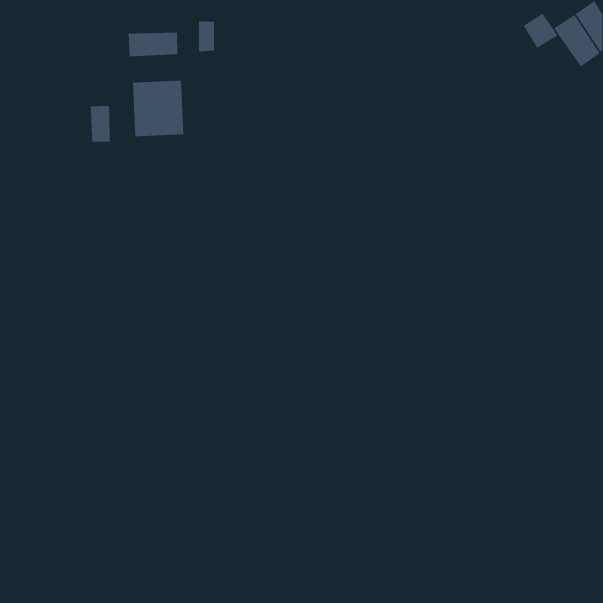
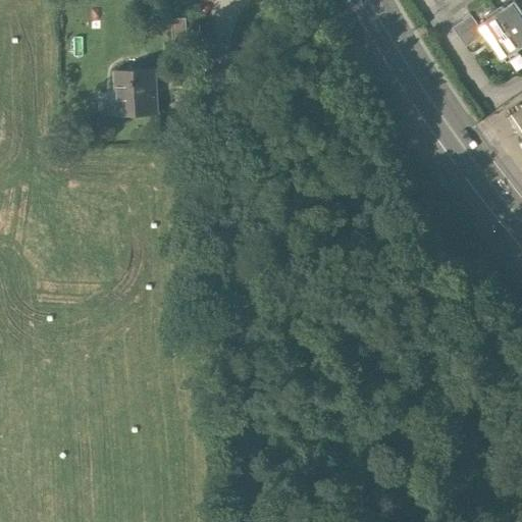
building: [128,32,178,57] -> none
building: [90,105,110,143] -> none

